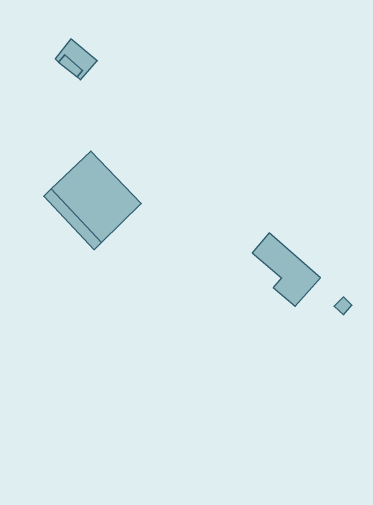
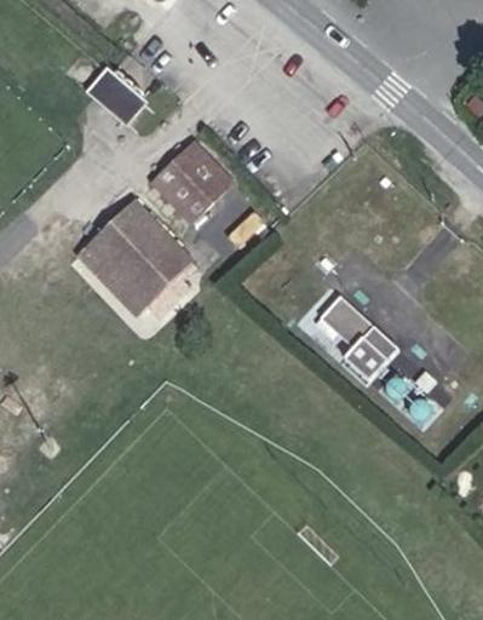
building: none -> [151,140,234,224]

